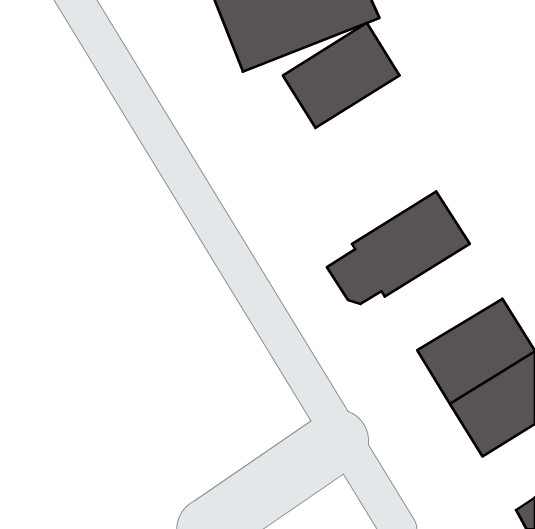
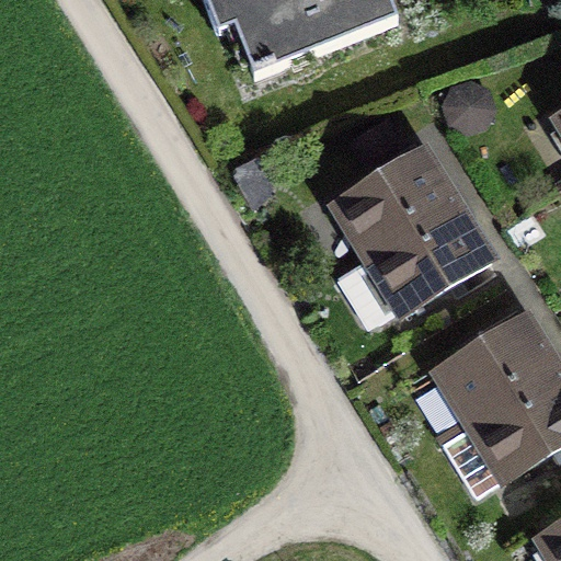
building: [283,23,400,128] -> [333,145,455,254]

